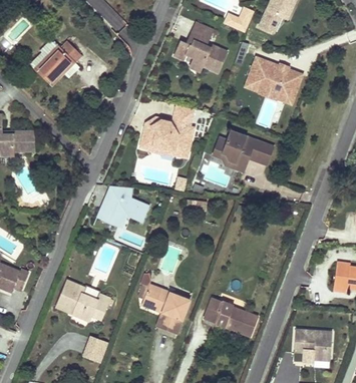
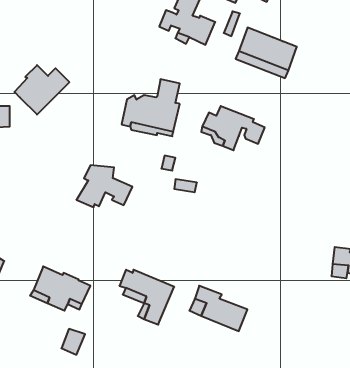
building: [30,37,81,83] -> [14,65,69,115]
building: [294,328,332,359] -> none

